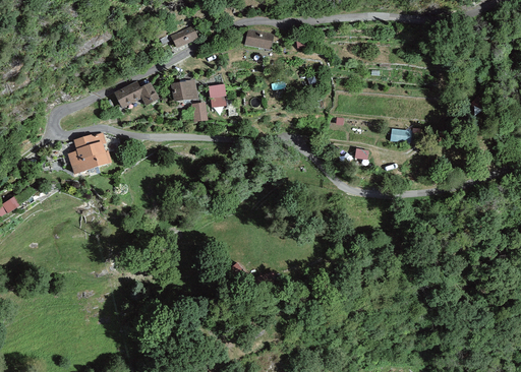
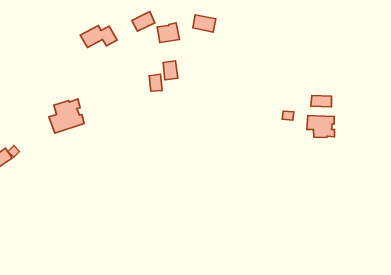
building: [171,78,198,103] -> [157,23,179,43]
building: [114,81,160,109] -> [80,25,117,48]
building: none -> [307,116,335,138]

